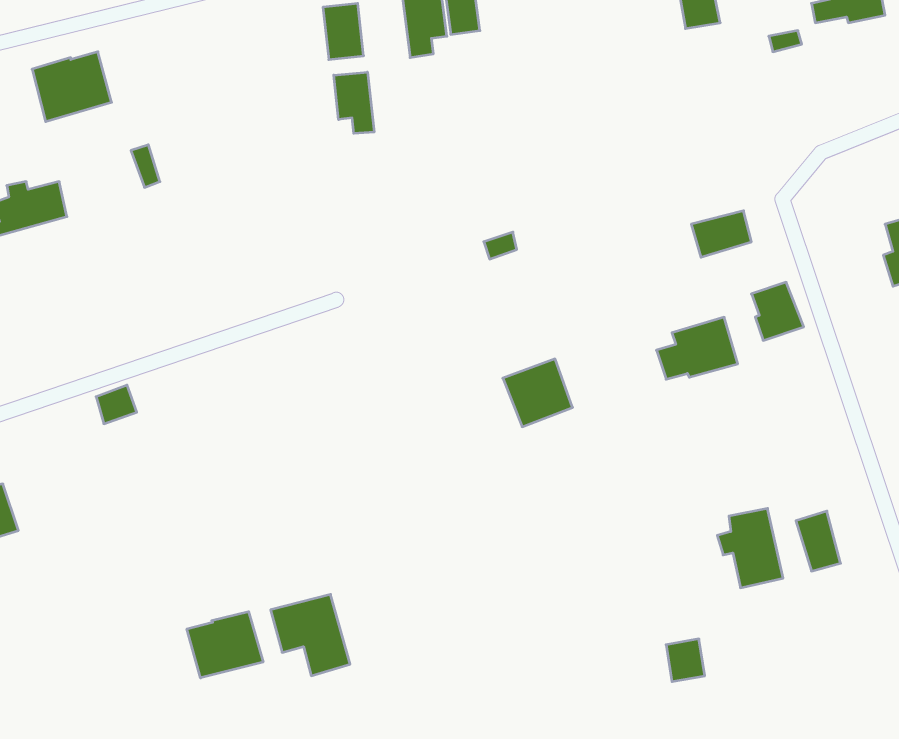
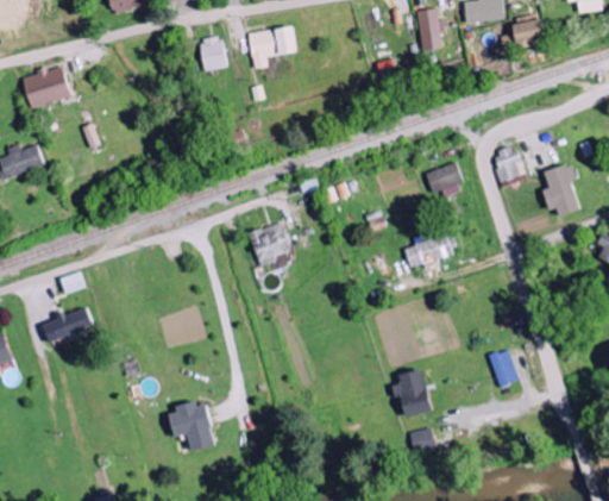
building: [334,72,374,133] -> none
building: [751,282,804,340] -> [492,148,525,183]
building: [503,359,573,427] -> [249,223,291,264]
building: none -> [43,308,94,343]
building: [717,508,783,588] -> [393,368,433,417]
building: [187,612,263,678] -> none

